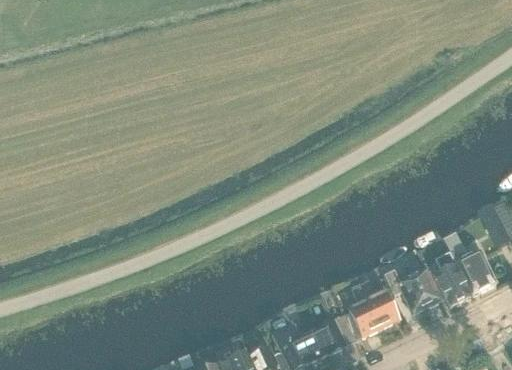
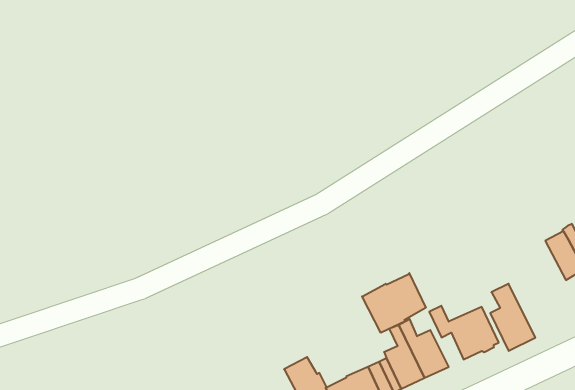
building: none -> [362,273,426,333]
building: [450,243,497,293] -> none

